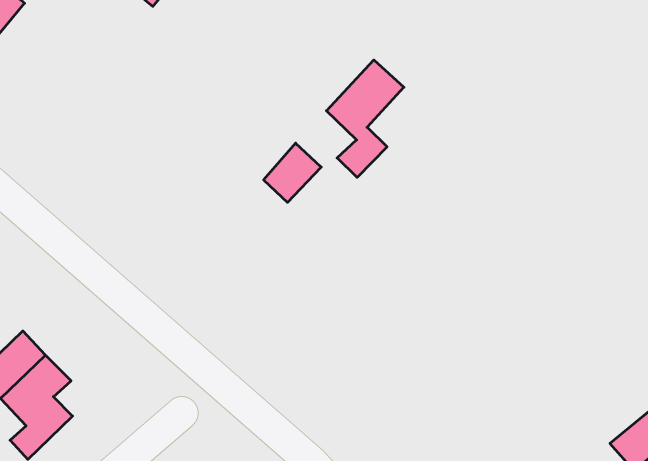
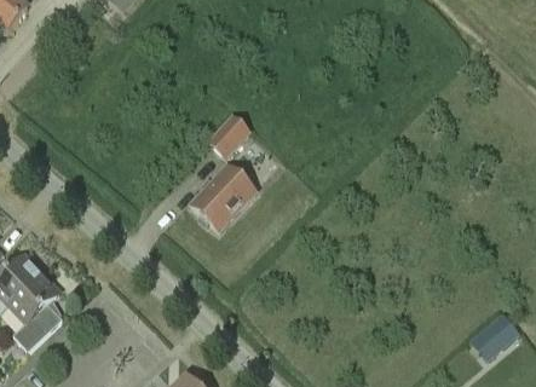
building: [326,60,404,177] -> none
building: none -> [190,166,254,231]

